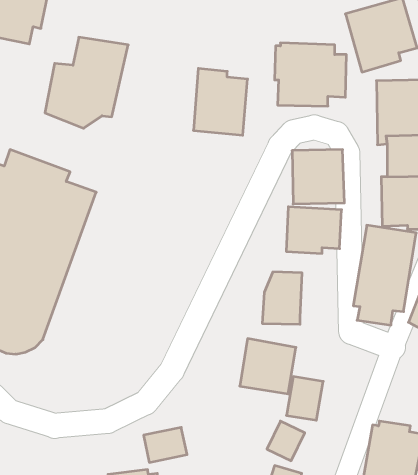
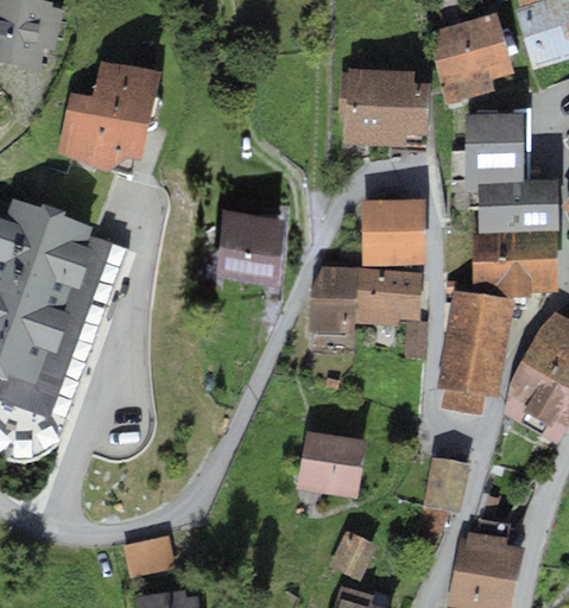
building: [193,68,248,135] -> [217,192,284,274]
building: [262,272,302,324] -> [308,267,356,331]
building: [286,377,323,420] -> [423,458,468,512]
building: [144,427,187,462] -> [122,536,176,578]

